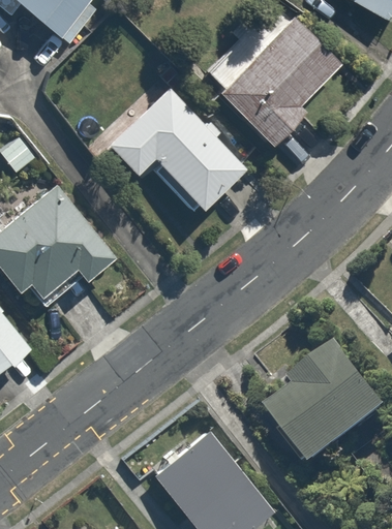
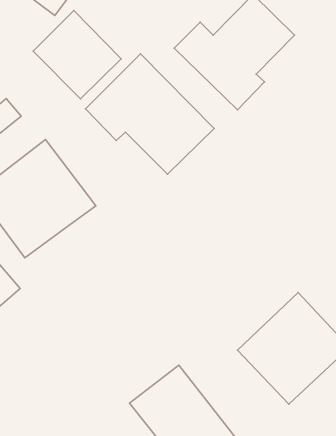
building: none -> [33,10,121,99]

